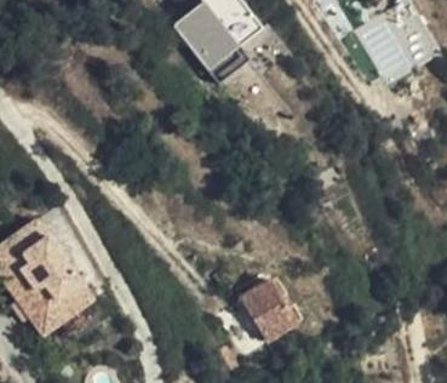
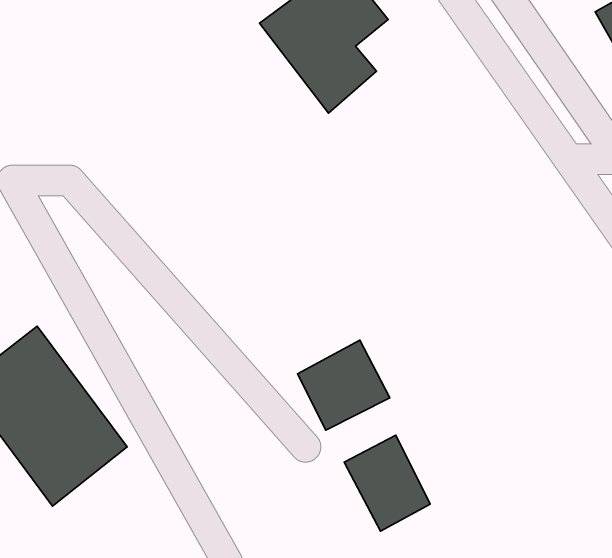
building: none -> [298,340,390,430]

